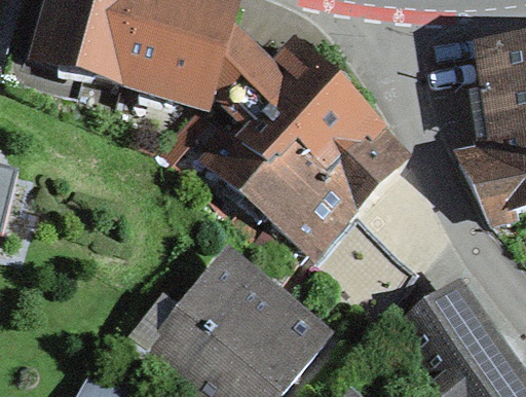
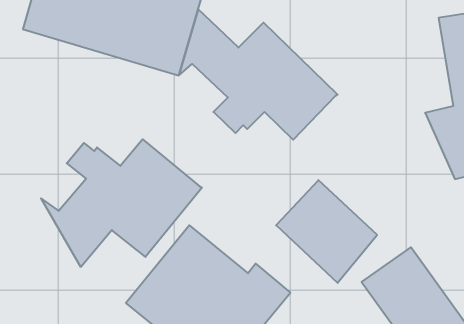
building: [184,107,403,246] -> none
building: none -> [41,139,202,267]

